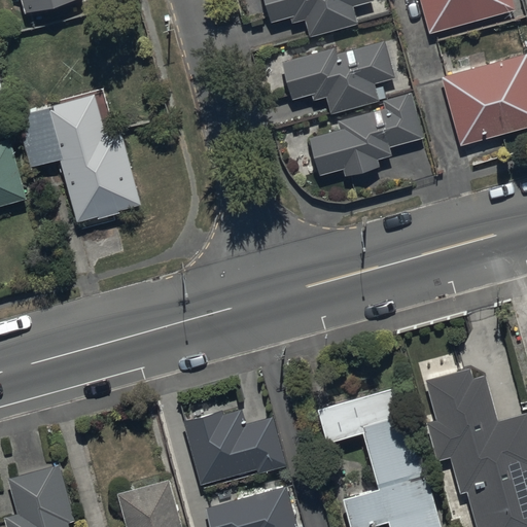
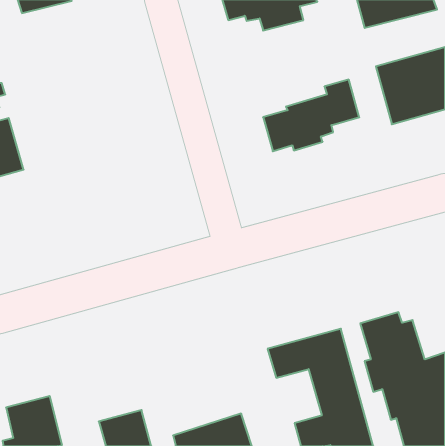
building: [282,43,395,114] -> none
building: [20,97,140,221] -> none
building: [183,412,285,486] -> none

